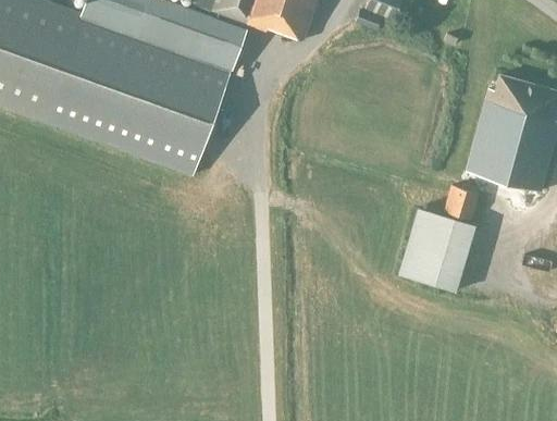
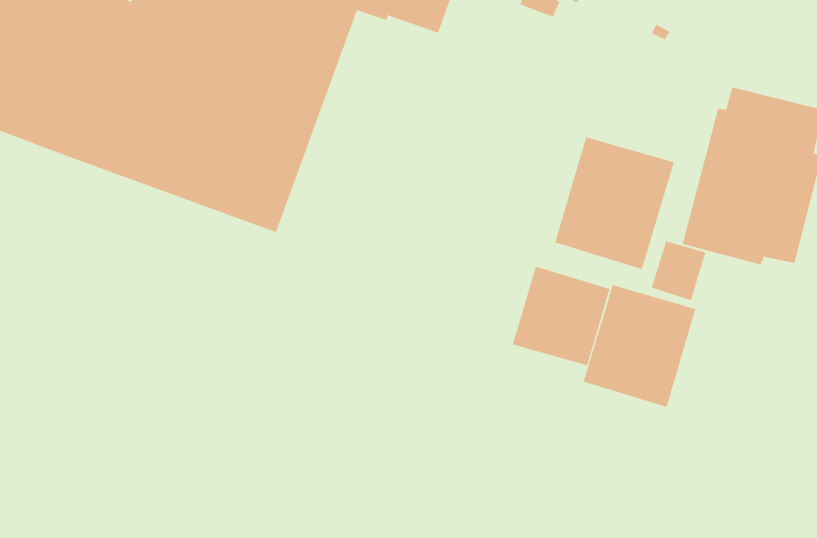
building: none -> [554,136,675,270]
building: none -> [512,266,610,366]

